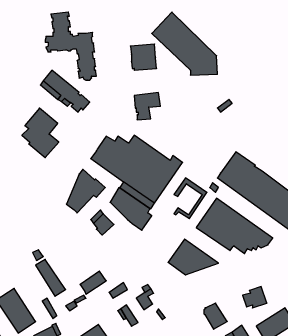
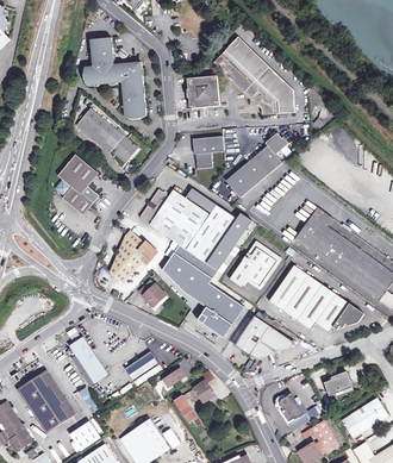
building: none -> [226,132,288,196]
building: none -> [229,246,275,284]
building: none -> [196,286,243,337]

